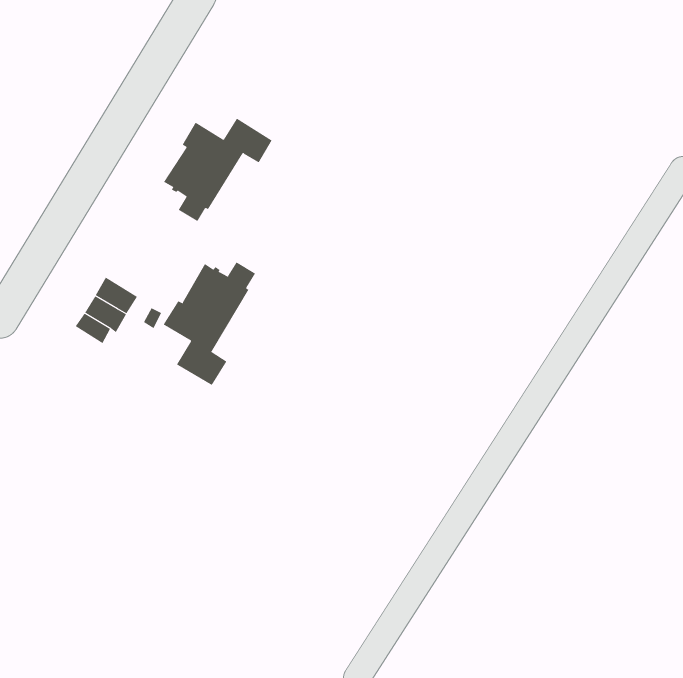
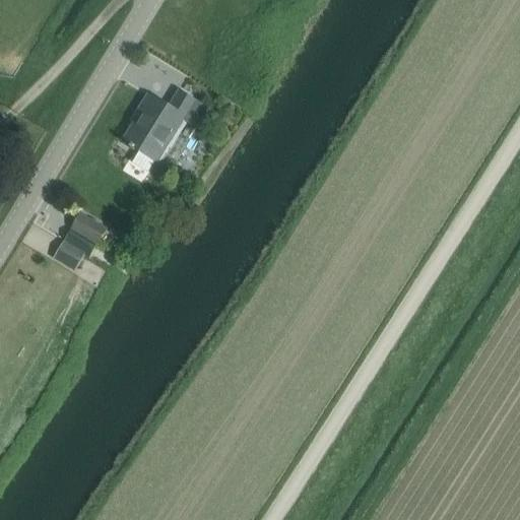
building: [163,261,256,386] -> none

